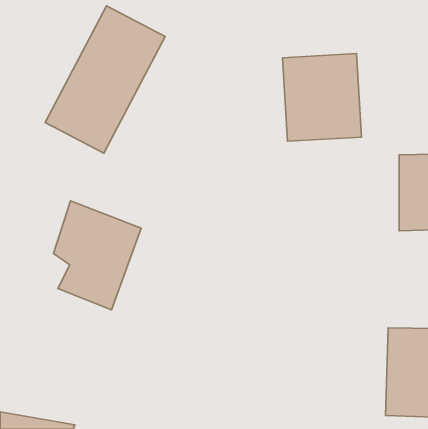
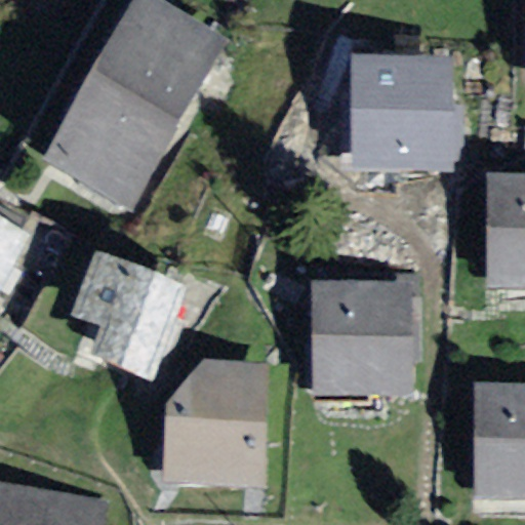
building: none -> [318,295,396,388]
building: none -> [172,371,250,484]

